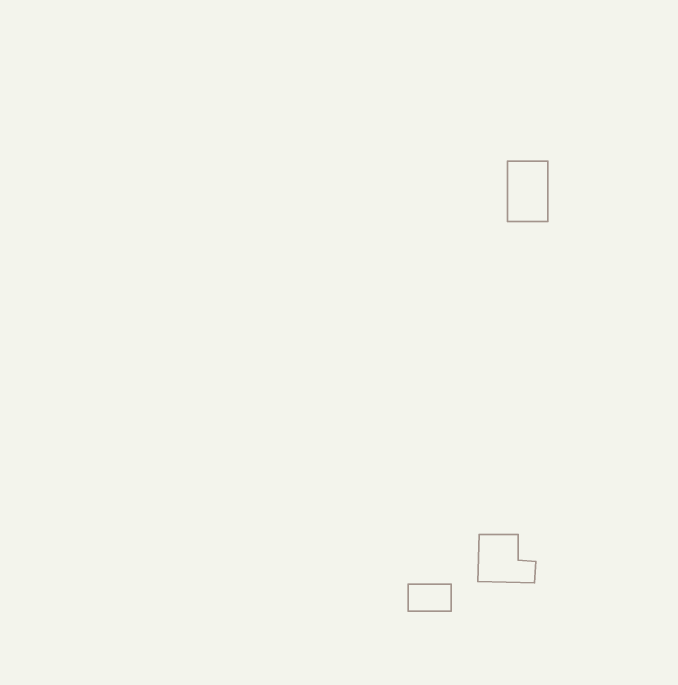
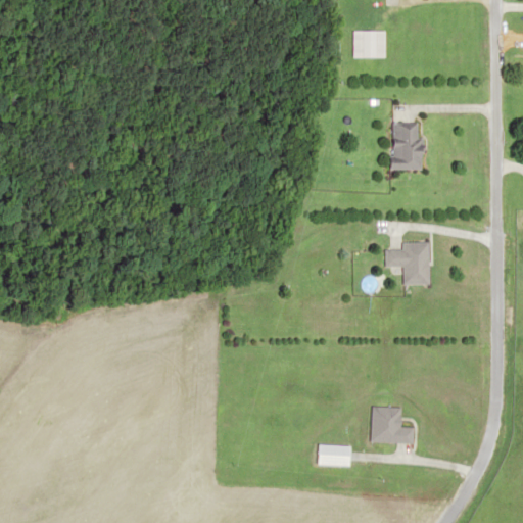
building: none -> [354,31,386,57]
building: none -> [385,242,429,284]

